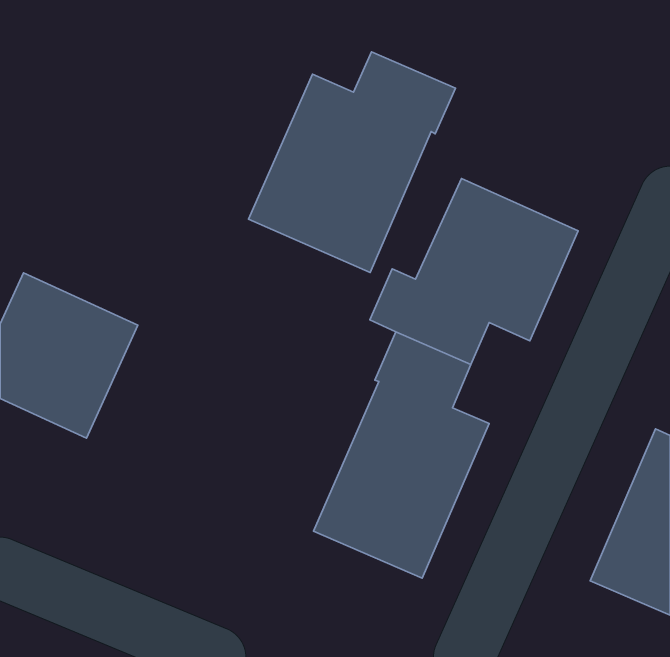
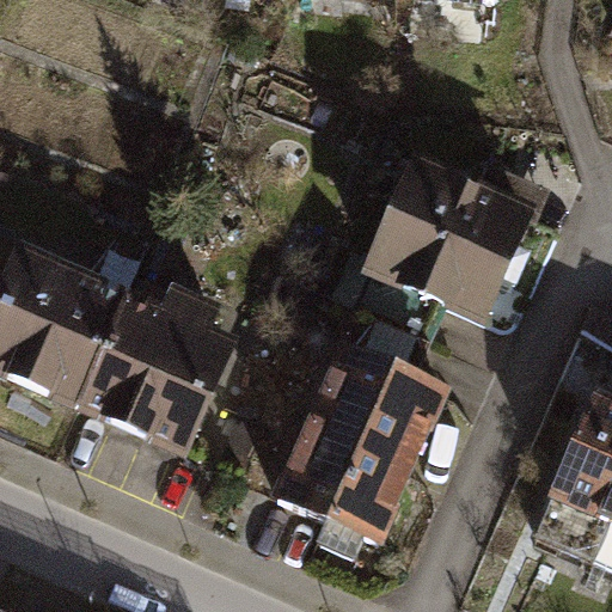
building: [249,52,455,273] -> none
building: none -> [79,292,231,447]

